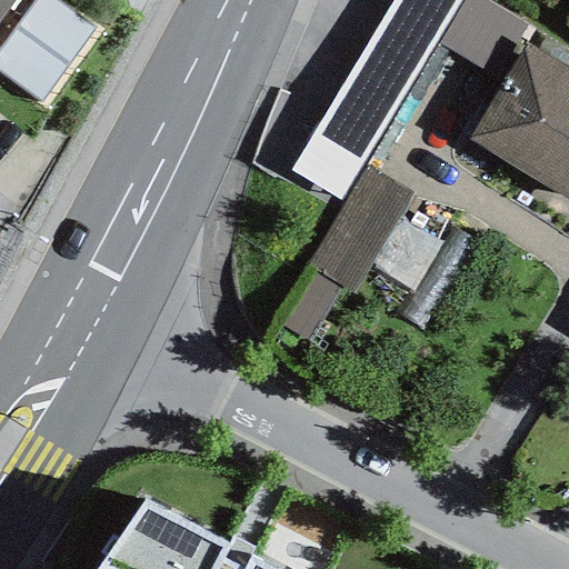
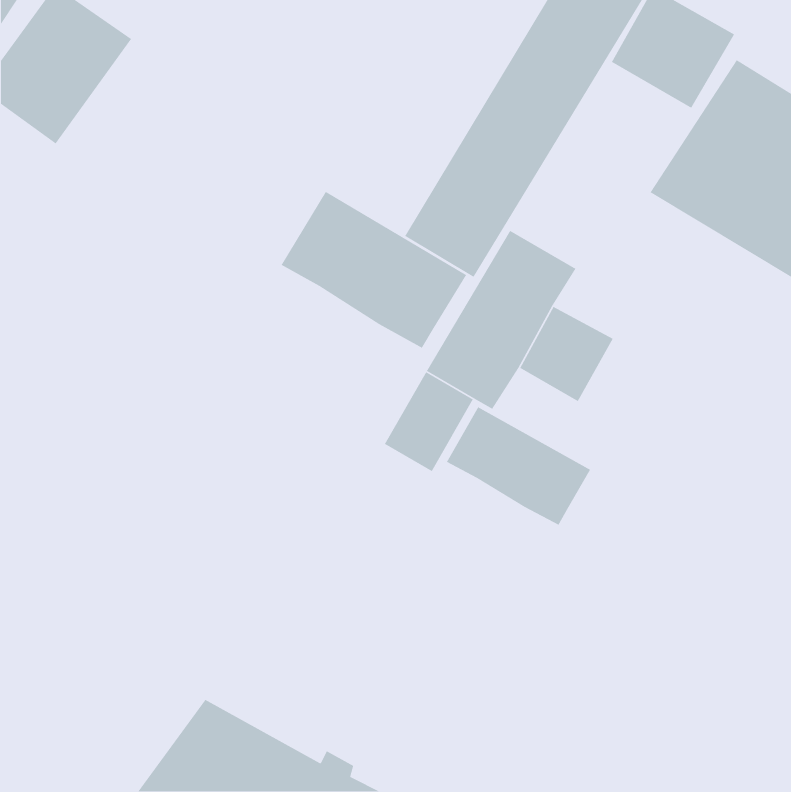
building: none -> [281,191,467,349]
building: none -> [446,406,591,526]

